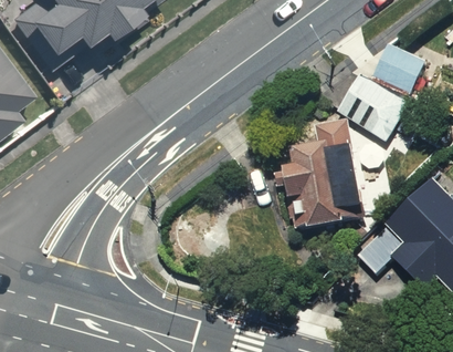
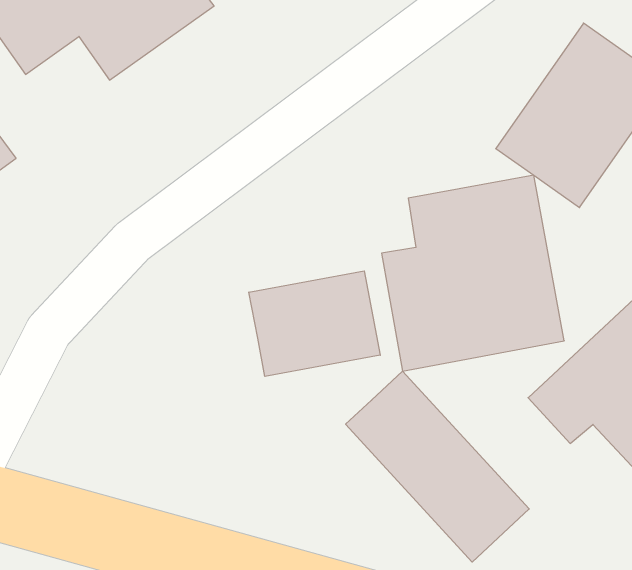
building: none -> [249,271,380,376]
building: none -> [346,371,529,562]

